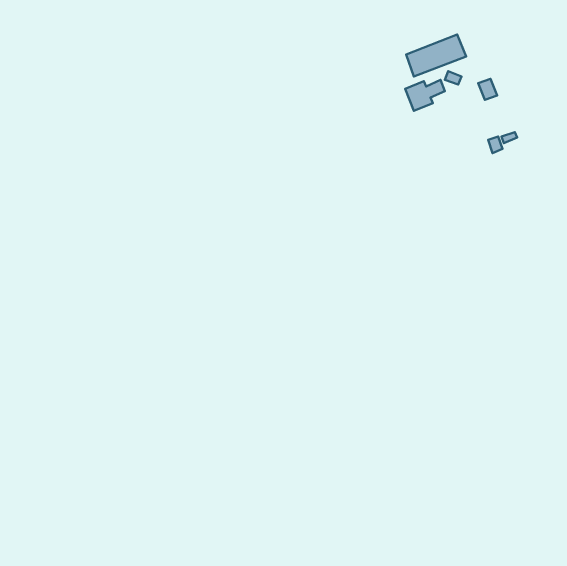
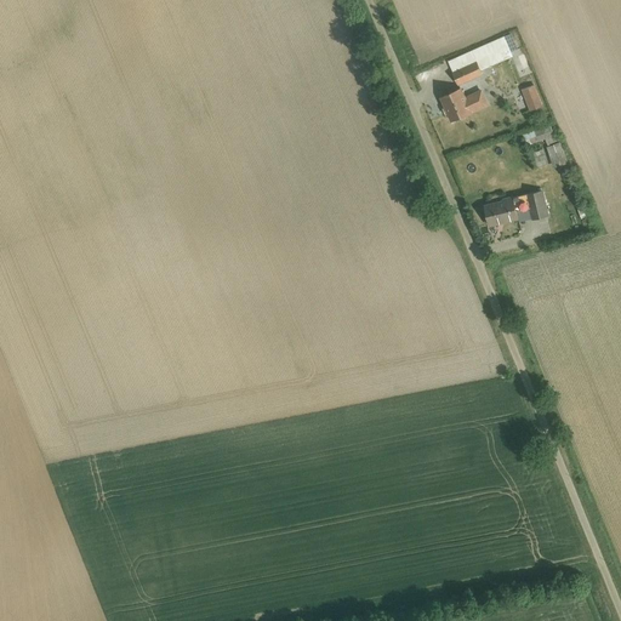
building: none -> [482,195,543,229]

